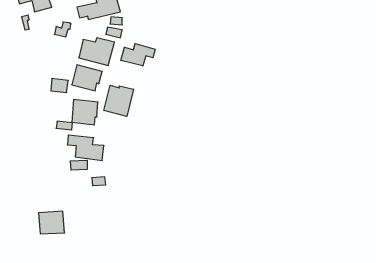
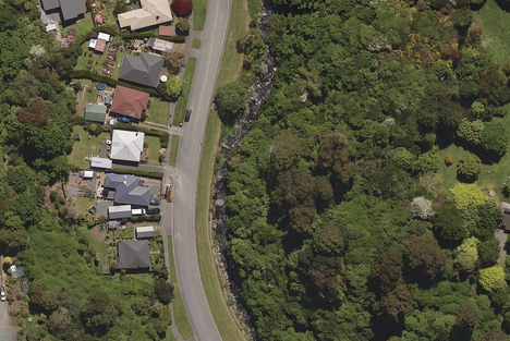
building: [121,44,155,66] -> none
building: [104,85,134,116] -> none
building: [38,211,65,234] -> [117,240,149,268]

